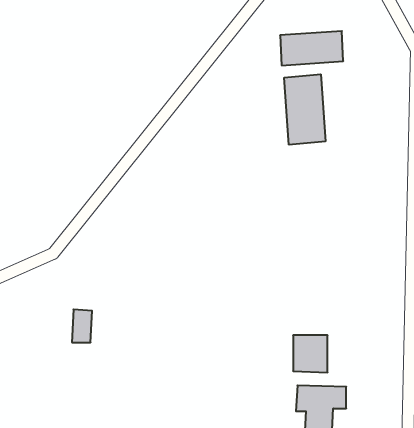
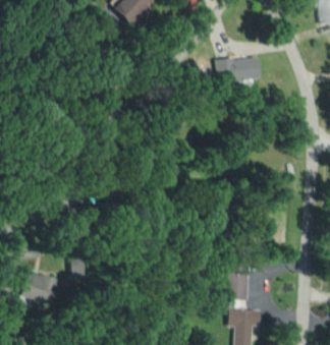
building: [284,74,325,145] -> none
building: none -> [21,272,56,303]

